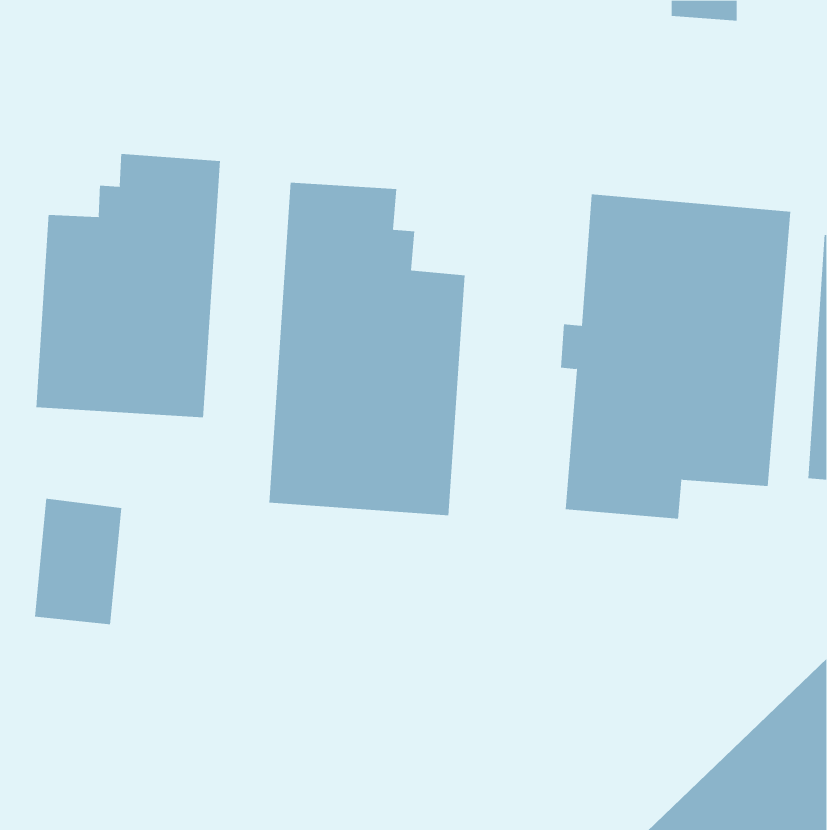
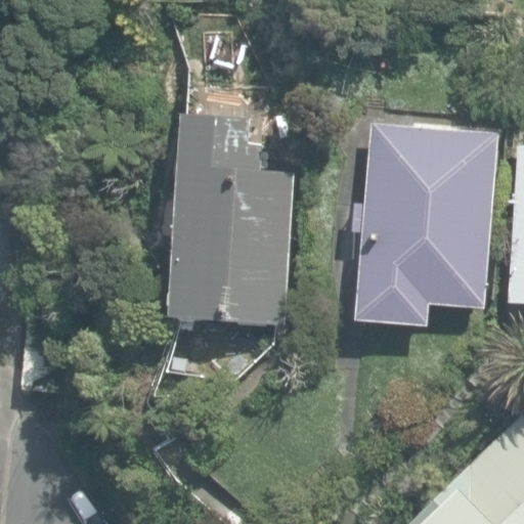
building: [36,153,221,418] -> none

